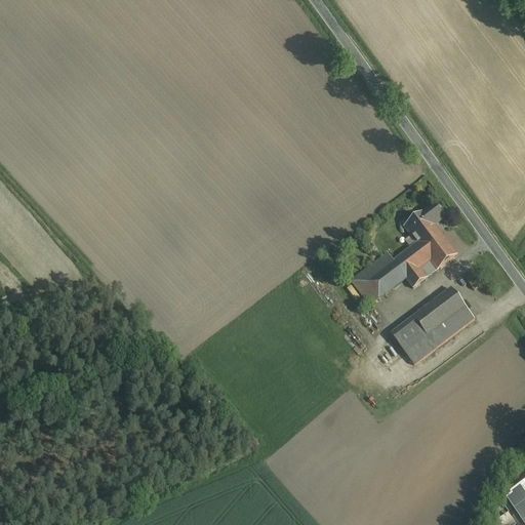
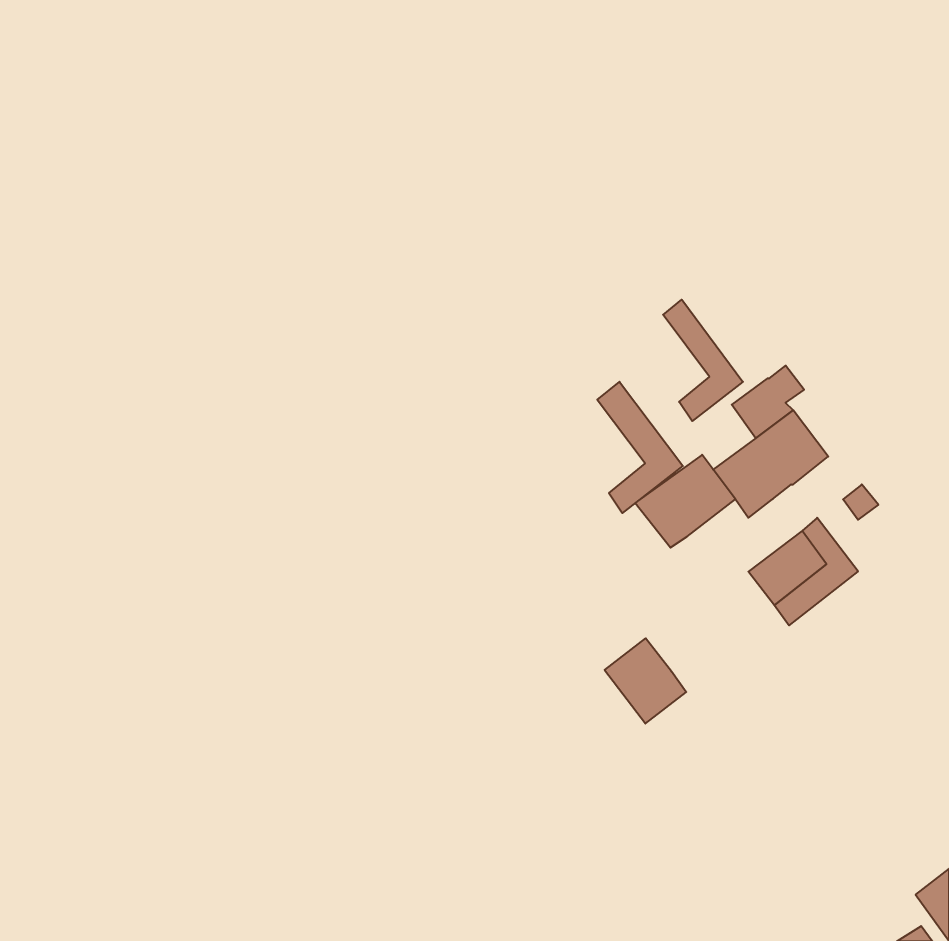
building: none -> [663,300,743,421]
building: none -> [597,382,683,513]
building: [391,316,436,363] -> [605,638,686,724]

